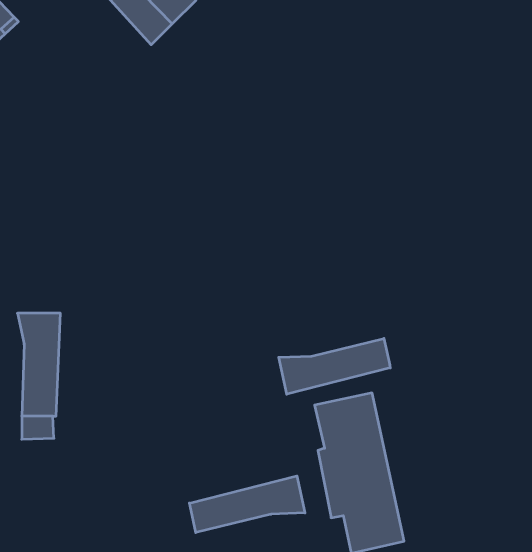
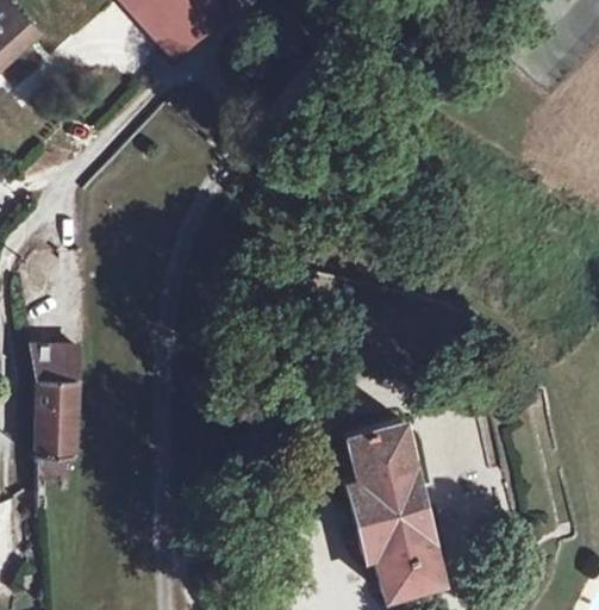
building: [279,338,390,394] -> none
building: [189,476,305,533] -> none

